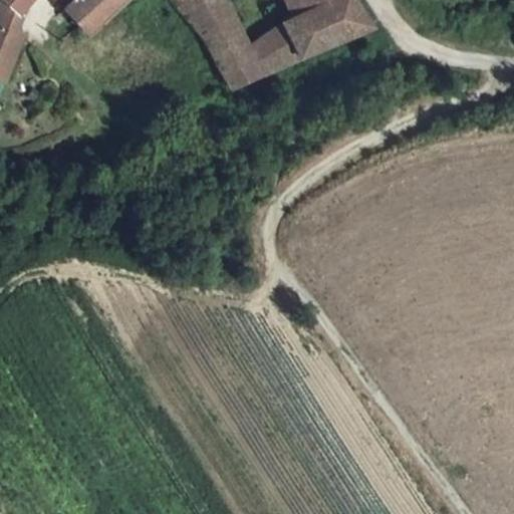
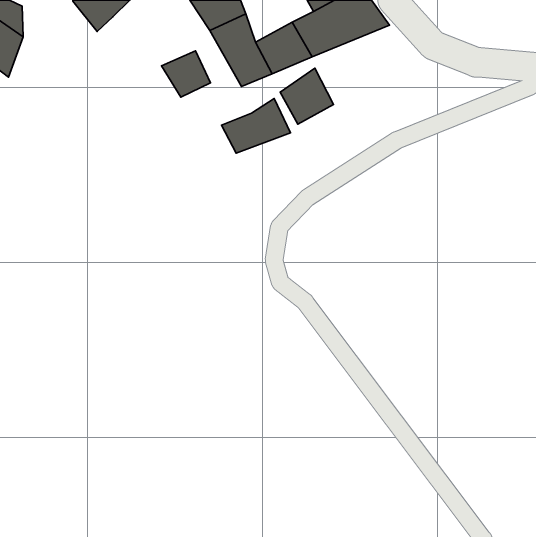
building: none -> [162,51,211,97]
building: none -> [280,68,333,124]
building: none -> [222,99,290,153]

